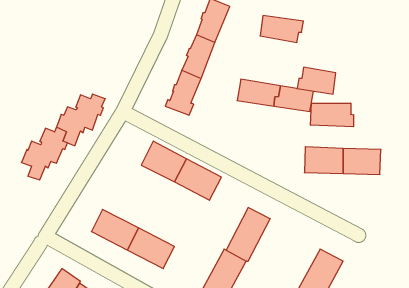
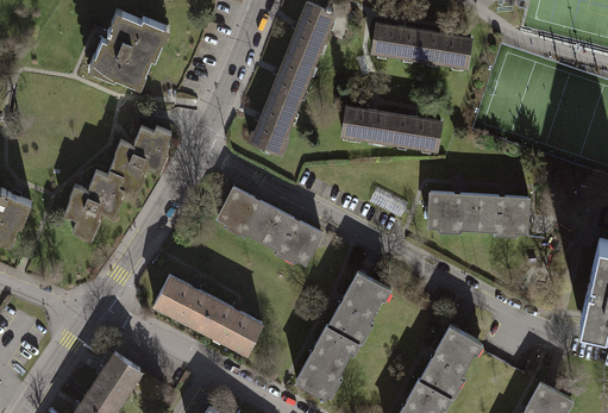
building: none -> [94,12,164,85]
building: [297,67,336,94] -> [420,32,470,67]
building: [311,103,354,127] -> none

